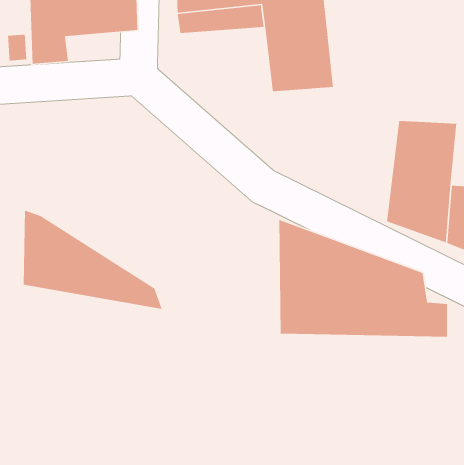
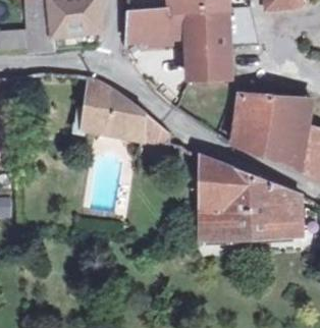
building: none -> [231,89,275,159]
building: [23,209,163,310] -> [83,78,175,145]

